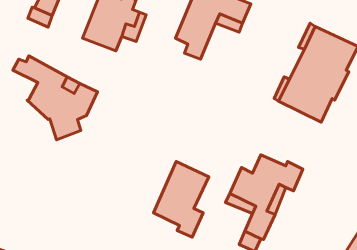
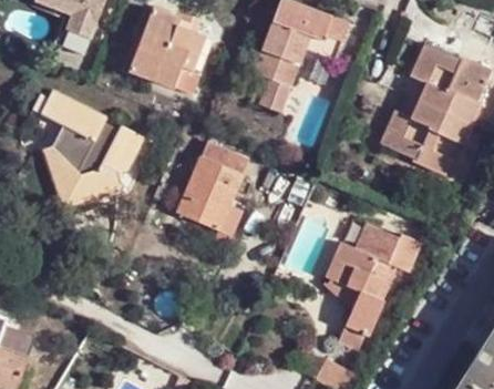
building: none -> [47,152,94,214]
building: [154,162,209,237] -> [179,141,253,240]

